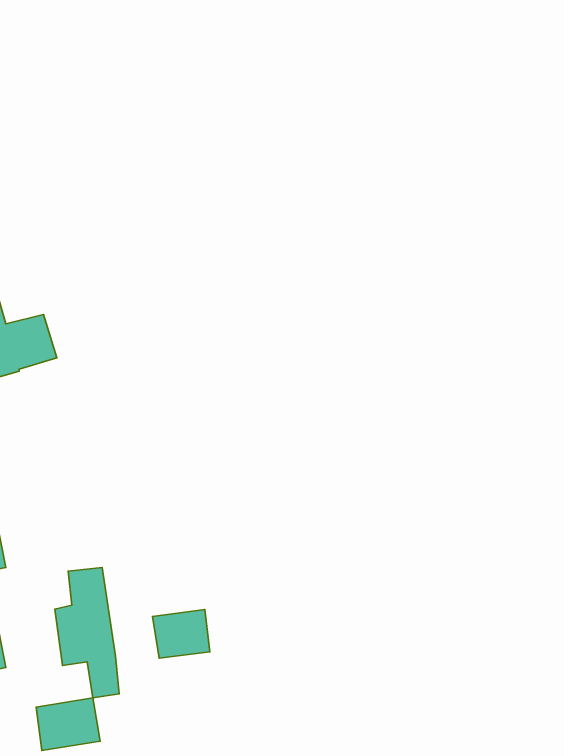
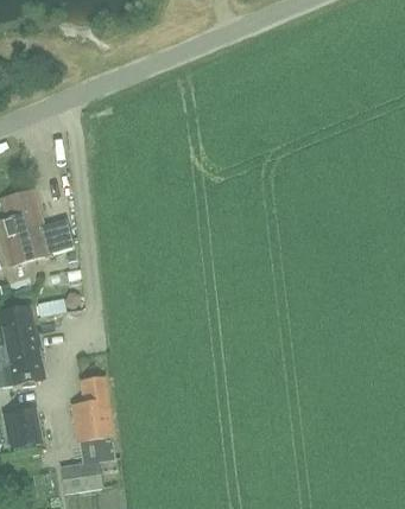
building: [152,609,210,658] -> none

